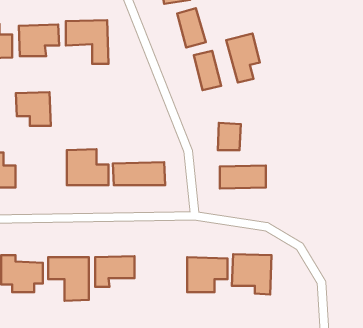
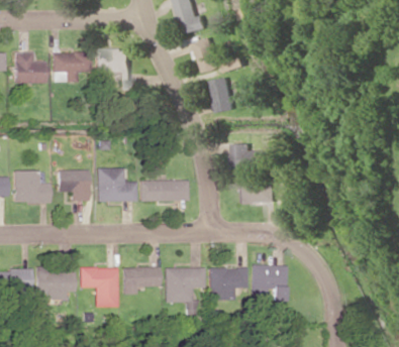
building: [226,34,260,83] -> none
building: [16,92,51,126] -> [58,169,90,201]
building: none -> [164,267,204,303]

